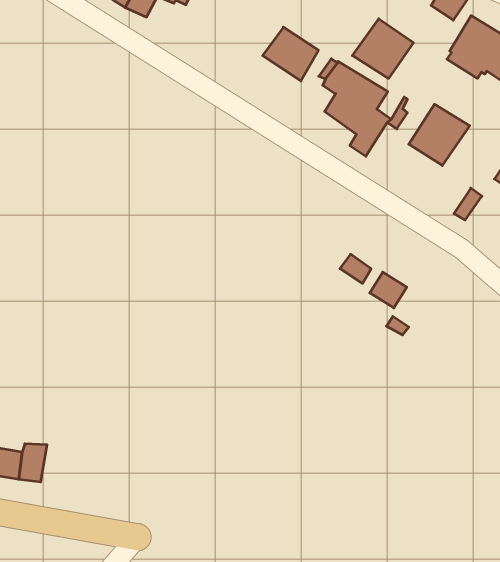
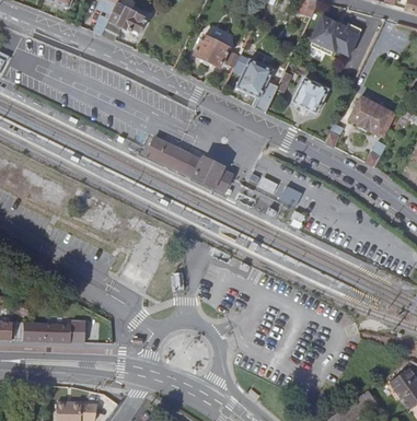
building: [352,19,413,78] -> none
building: none -> [148,136,234,191]

